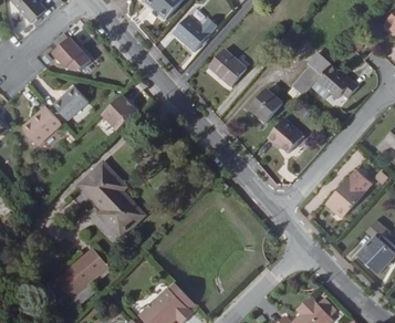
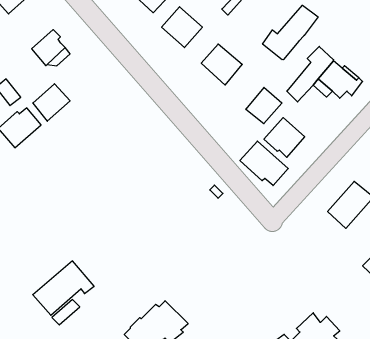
building: none -> [263,5,318,60]
building: [103,96,138,132] -> none
building: none -> [240,141,288,186]
building: [67,160,147,241] -> none

